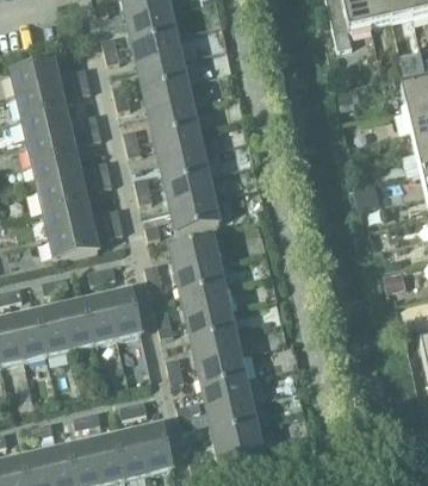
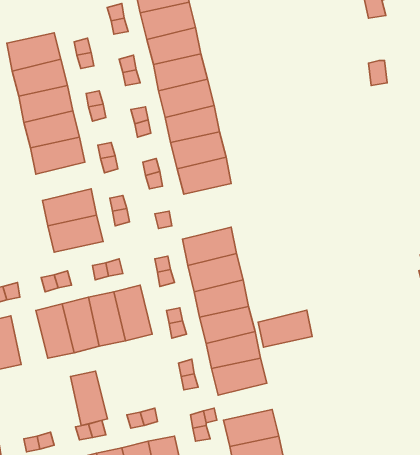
building: [37,175,87,210] -> none
building: [170,194,219,229] -> none
building: [14,309,48,357] -> [71,371,107,425]
building: [201,374,250,407] -> [258,310,312,347]

